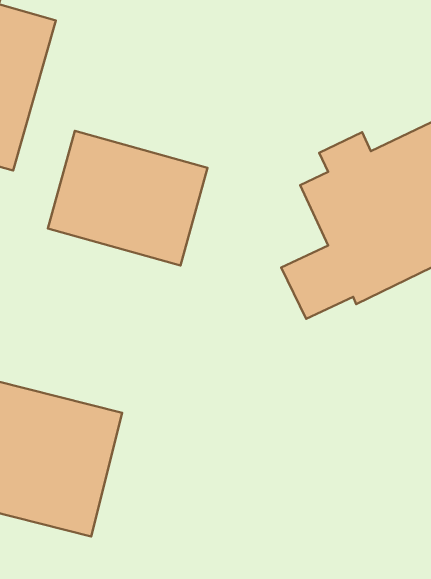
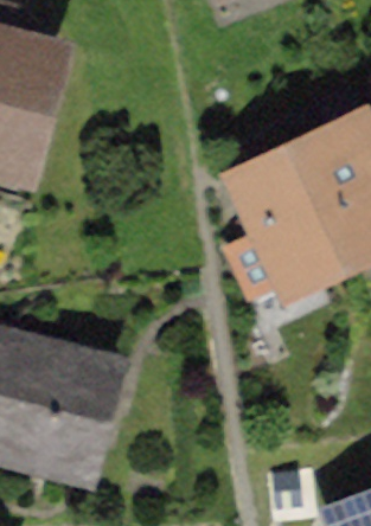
building: [48,131,208,266] -> none

